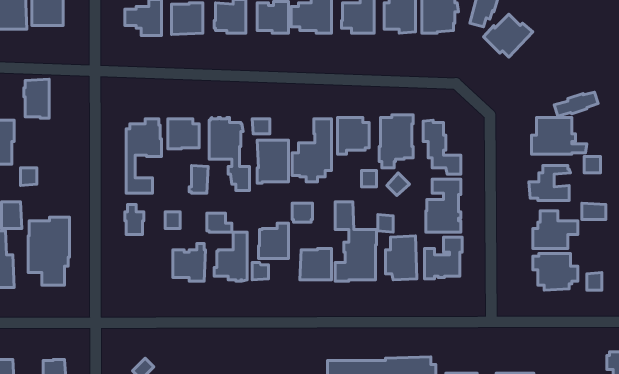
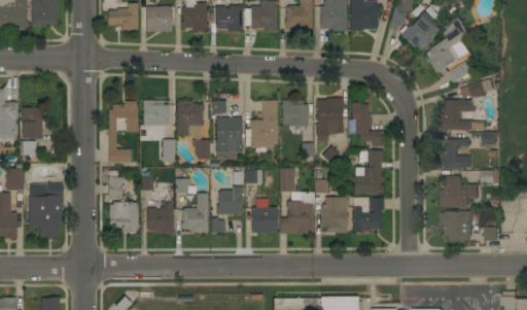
building: none -> [426,18,473,83]
building: [24,79,49,118] -> [22,107,42,139]
building: none -> [109,202,138,233]

